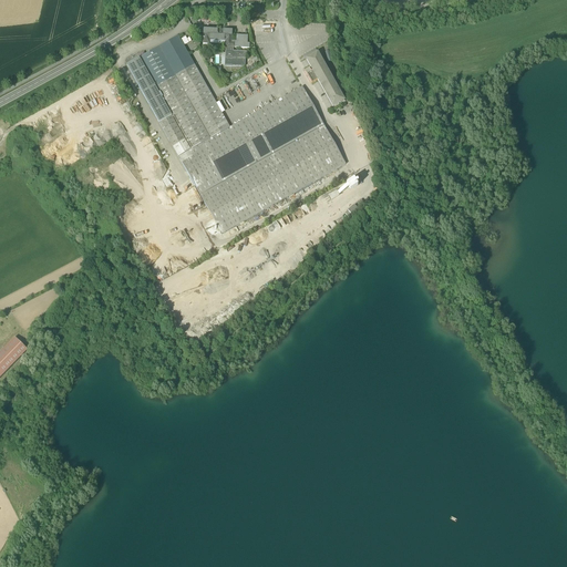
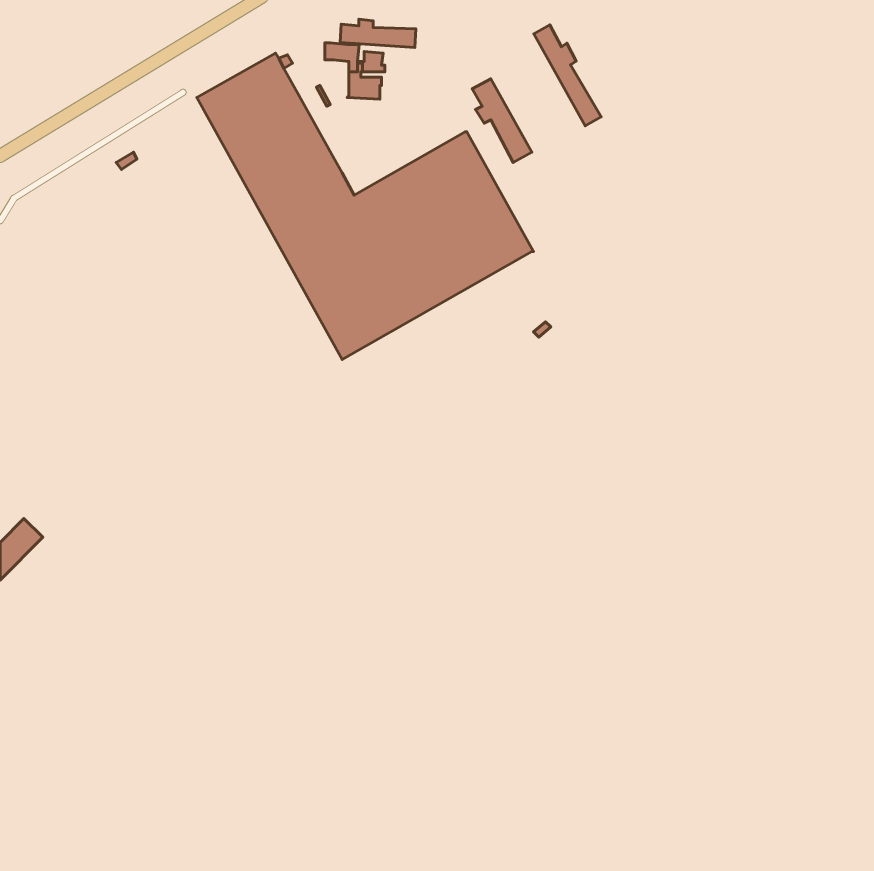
building: none -> [340,19,416,48]
building: none -> [534,25,601,126]

